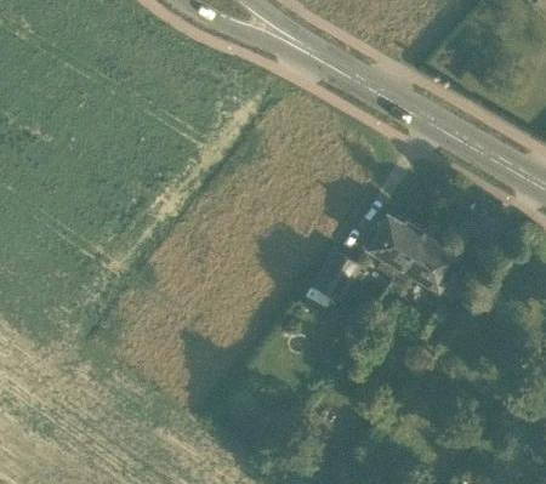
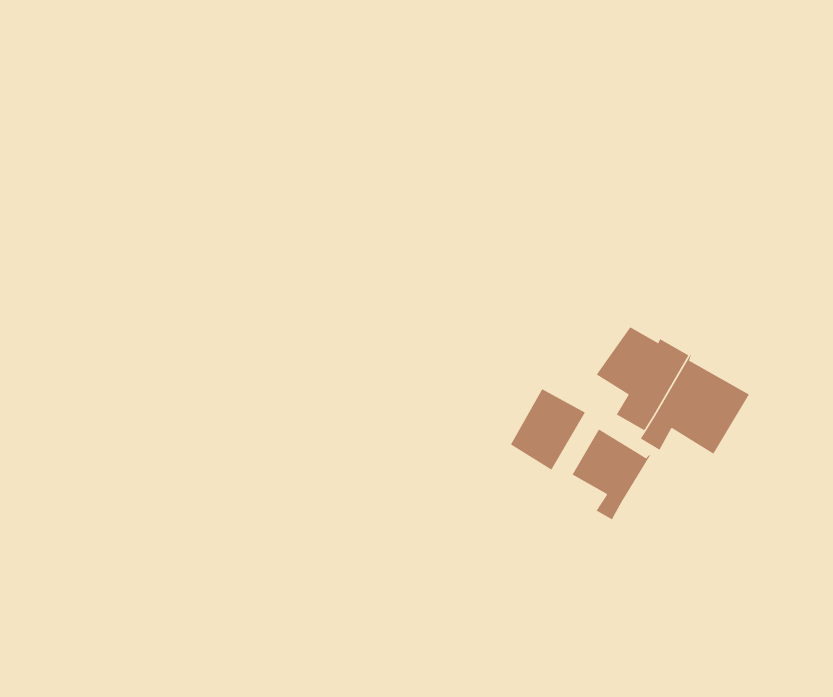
building: none -> [572,428,650,520]

